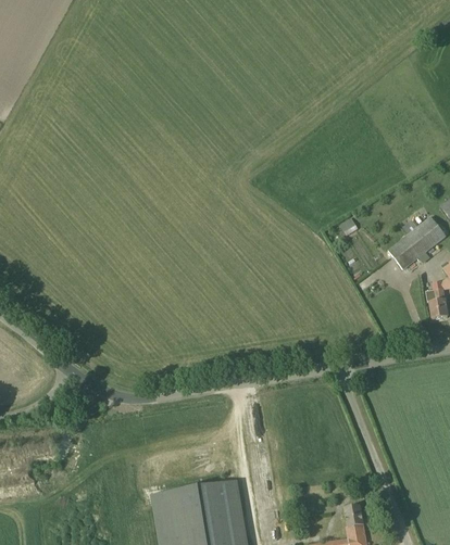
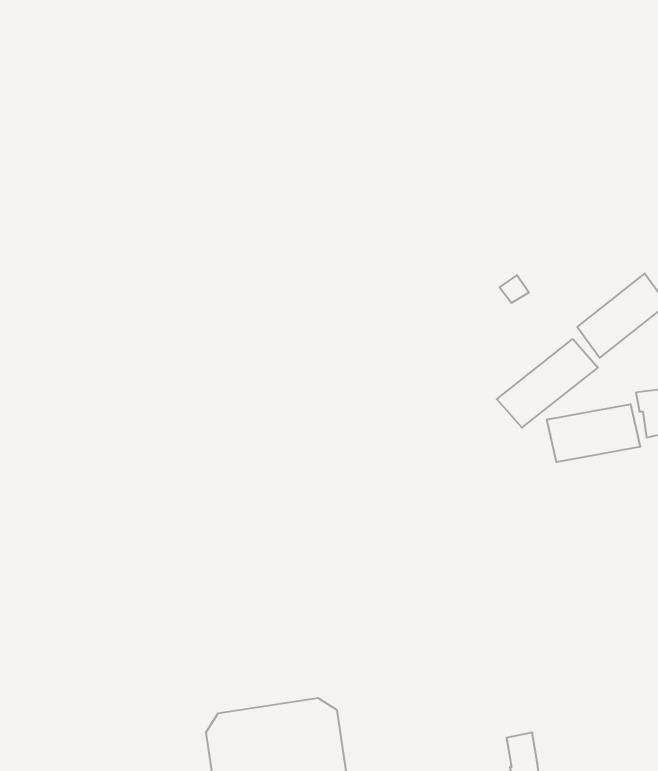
building: none -> [497,339,598,428]
building: none -> [547,404,640,462]

